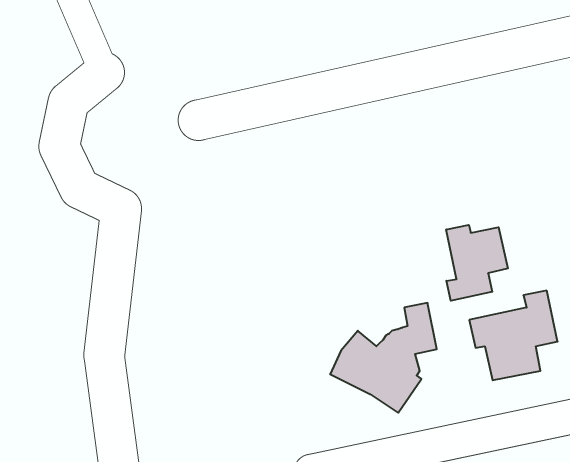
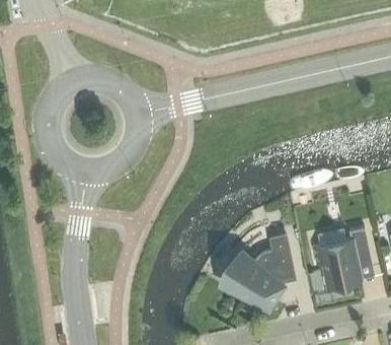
building: [446,225,508,301] -> none

